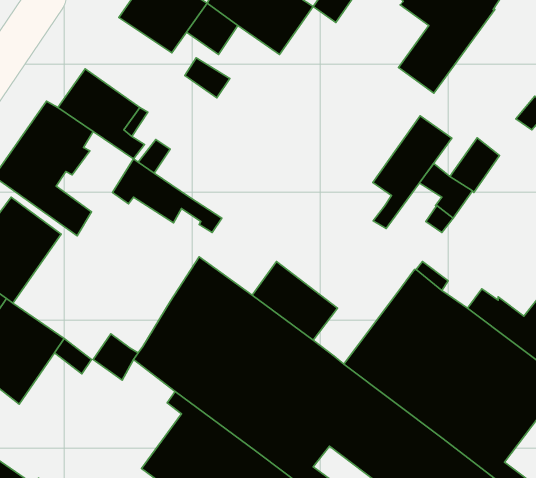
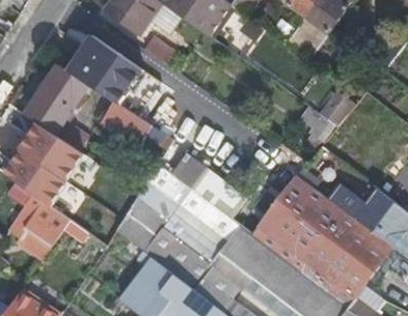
building: [373,116,452,229] -> none

